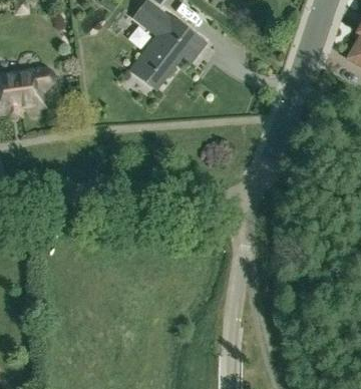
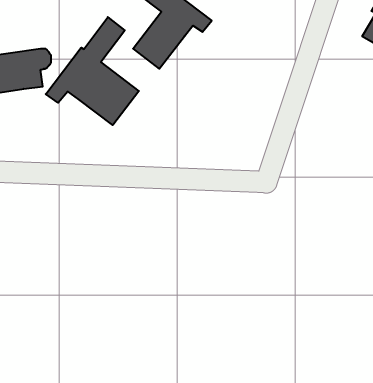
building: none -> [46,17,139,125]

